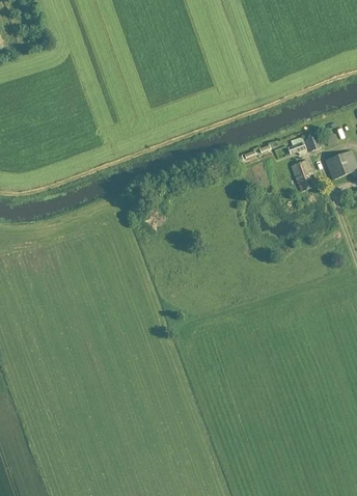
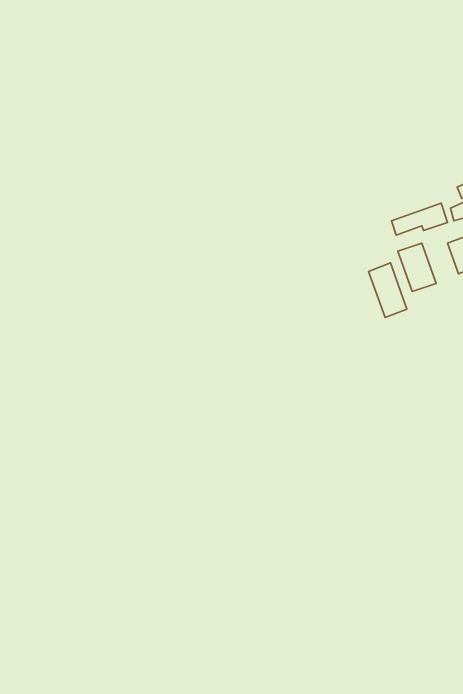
building: none -> [369,263,407,318]

